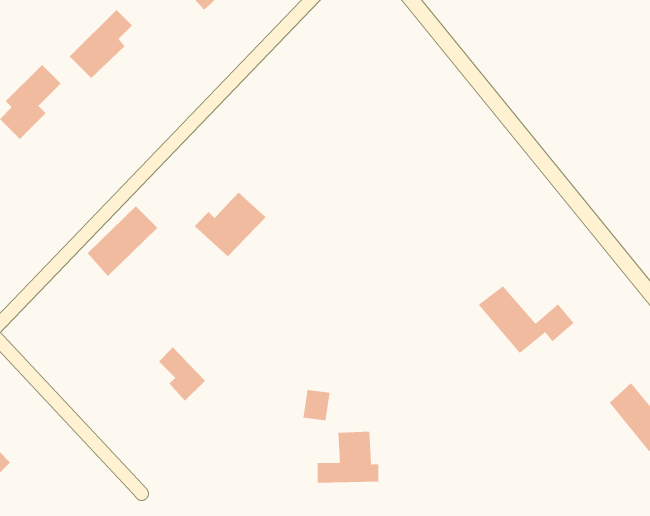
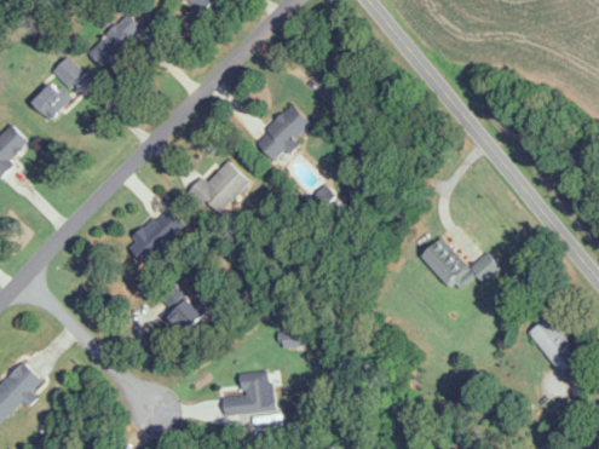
building: none -> [253,104,310,161]
building: [87,206,158,277] -> [126,206,184,264]
building: [317,431,379,483] -> [223,372,273,414]

